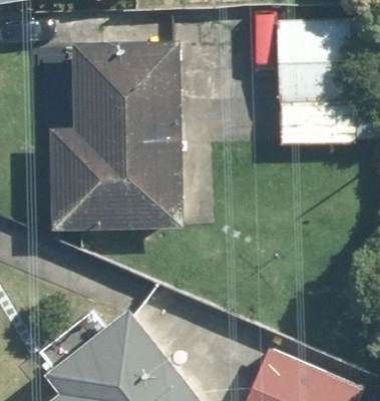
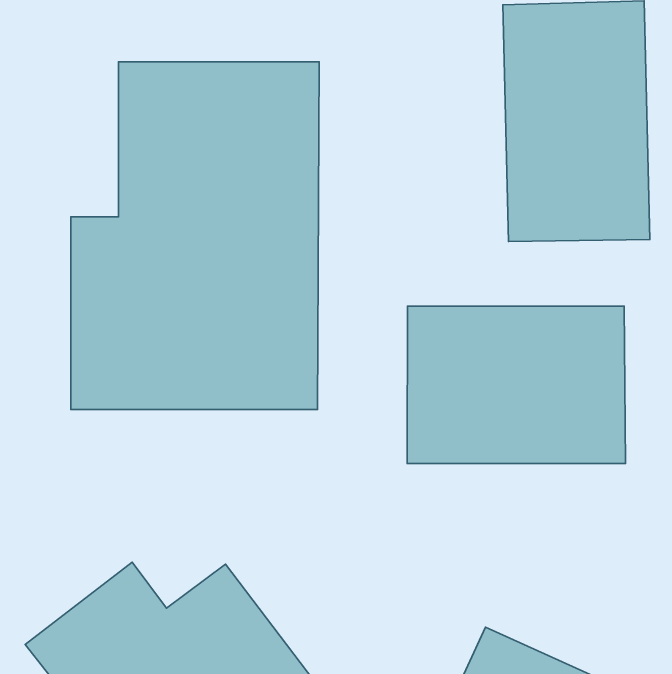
building: none -> [407,306,625,463]

